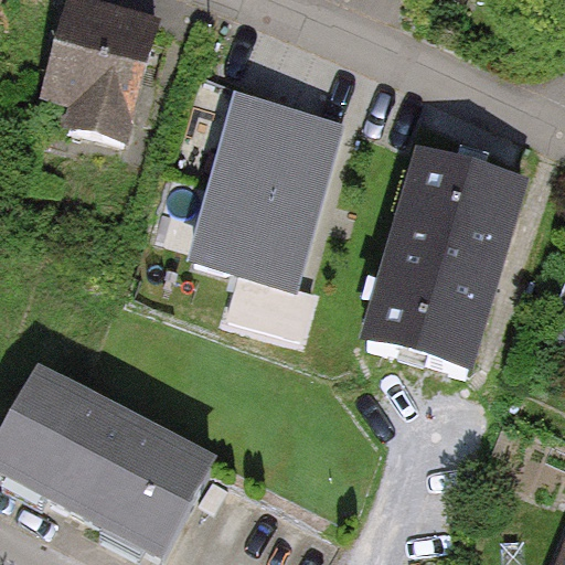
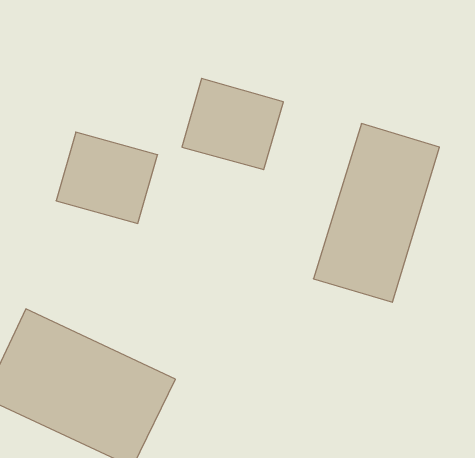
building: [41,7,162,147] -> none
building: [191,174,310,281] -> [56,132,158,223]

